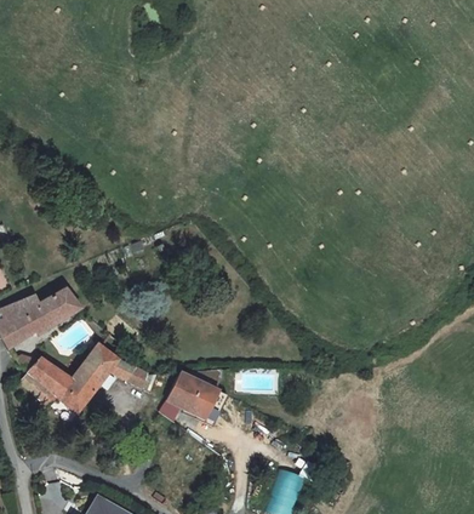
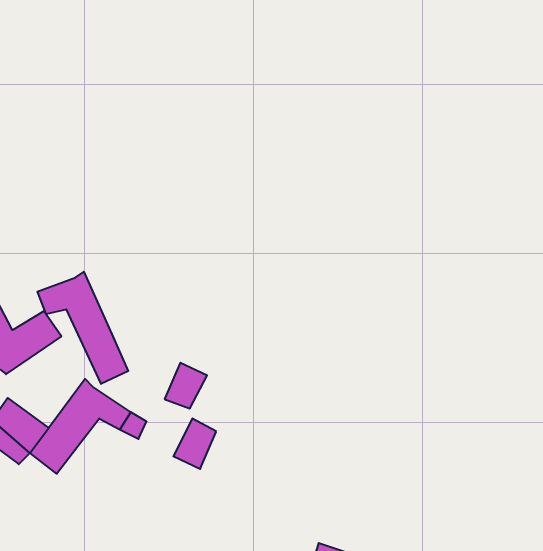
building: none -> [37,272,128,384]
building: [187,382,219,417] -> [165,363,207,409]

